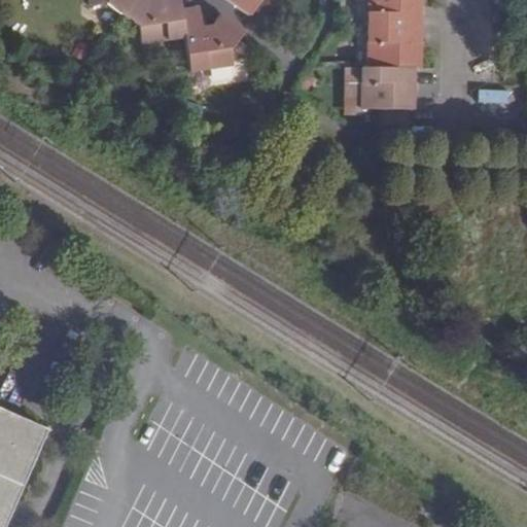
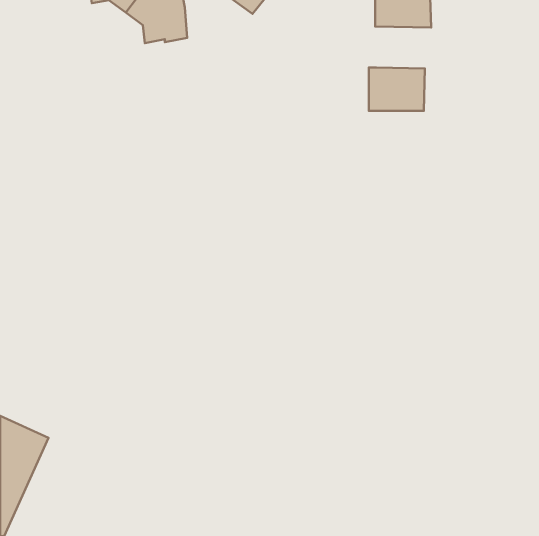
building: [181,5,243,71] -> none
building: [366,26,421,67] -> none

